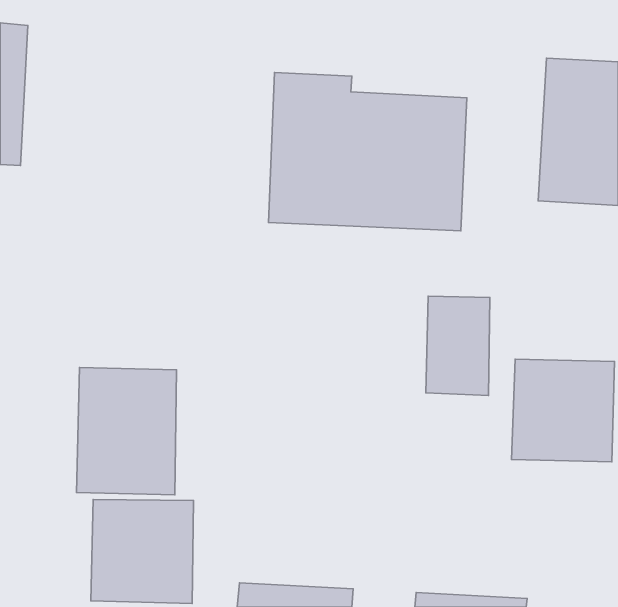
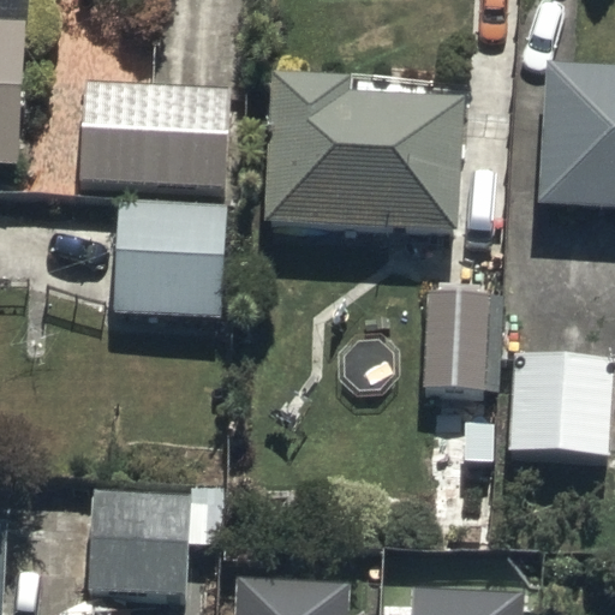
building: none -> [80,78,231,187]
building: none -> [114,199,227,317]
building: [77,368,177,495] -> none

